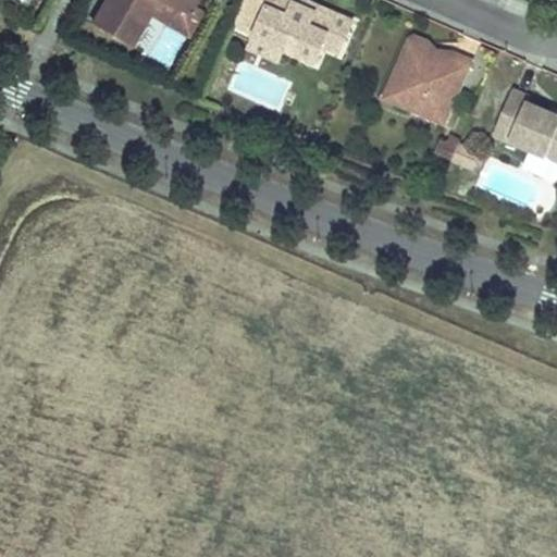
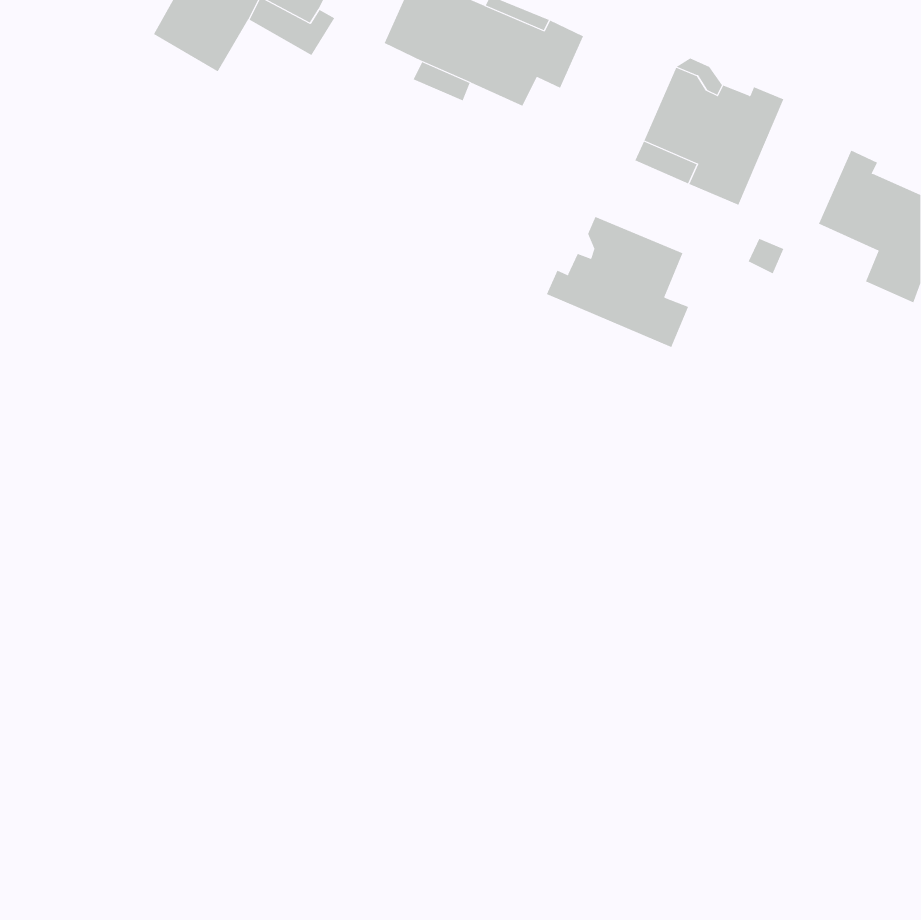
building: none -> [546,216,689,348]

